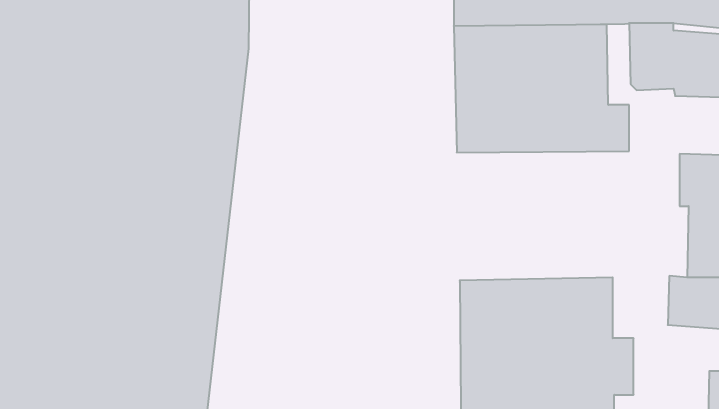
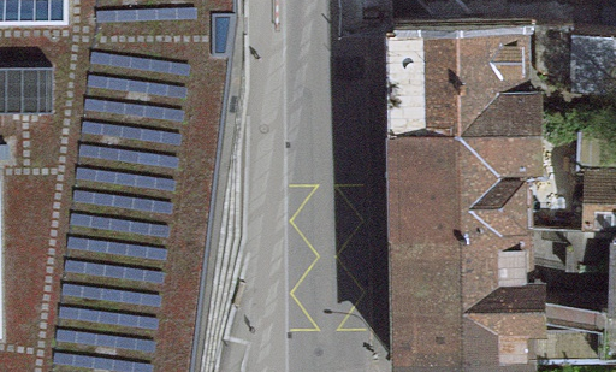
building: none -> [396,142,537,247]

